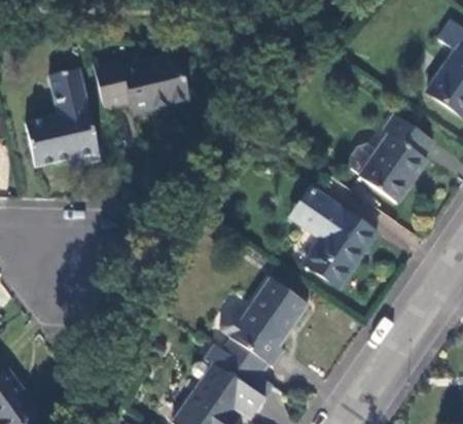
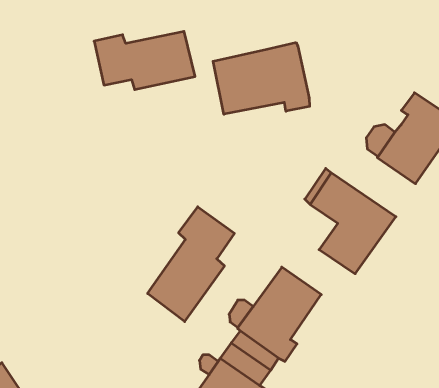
building: [24,69,99,166] -> none
building: none -> [213,43,310,114]
building: none -> [148,207,234,322]

